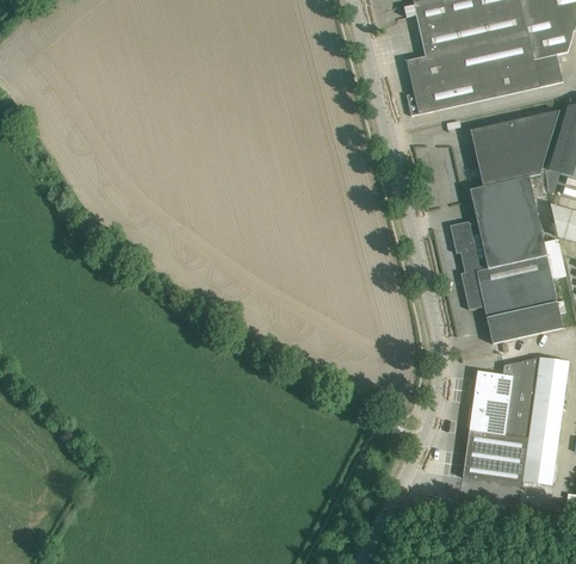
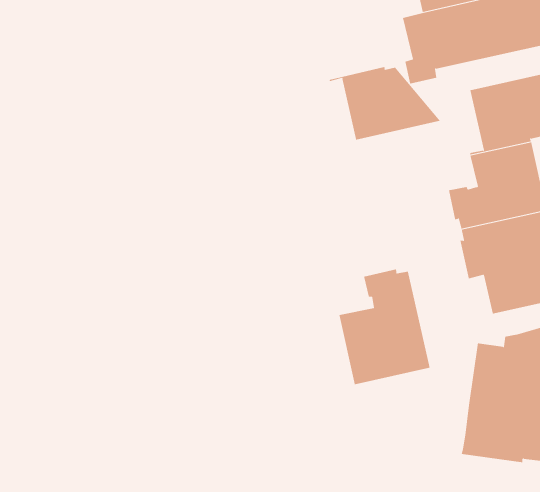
building: none -> [329,66,441,141]
building: none -> [339,268,430,385]

